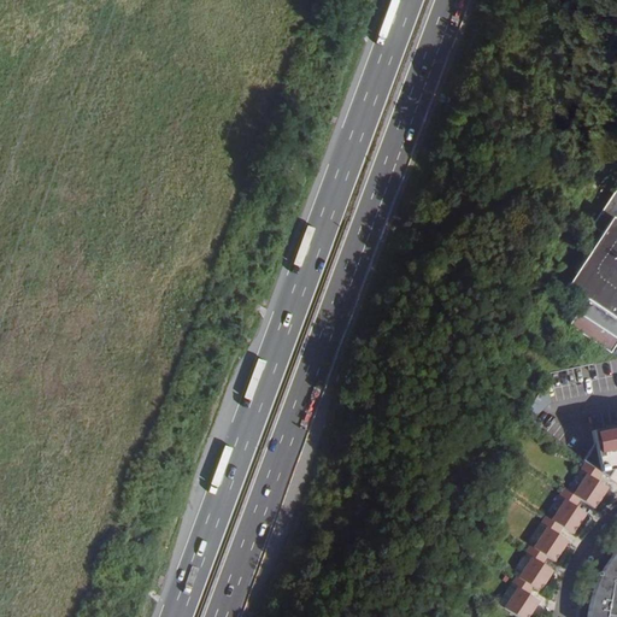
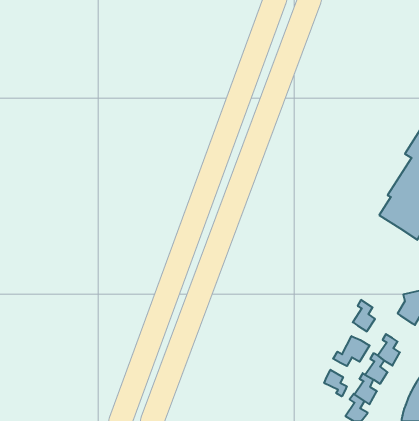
building: [577,460,610,506] -> [353,300,375,331]
building: none -> [333,336,370,366]
building: none -> [324,370,347,396]

